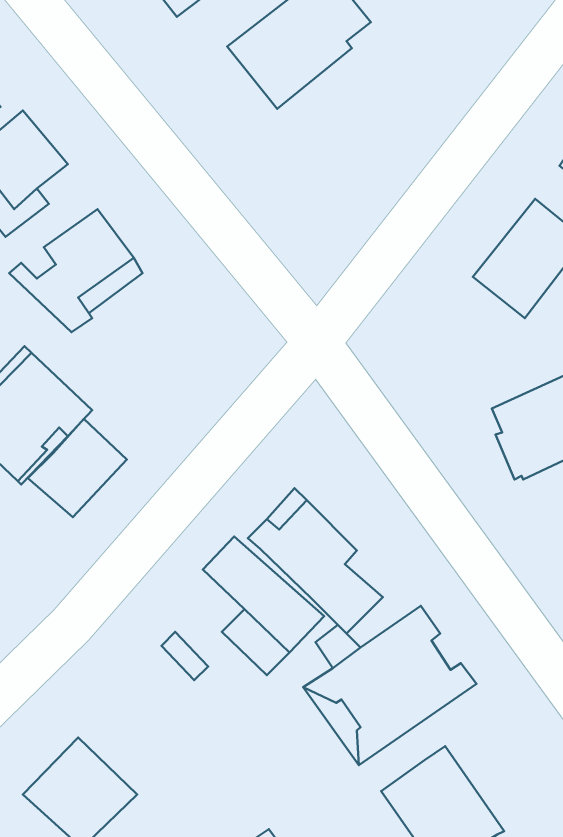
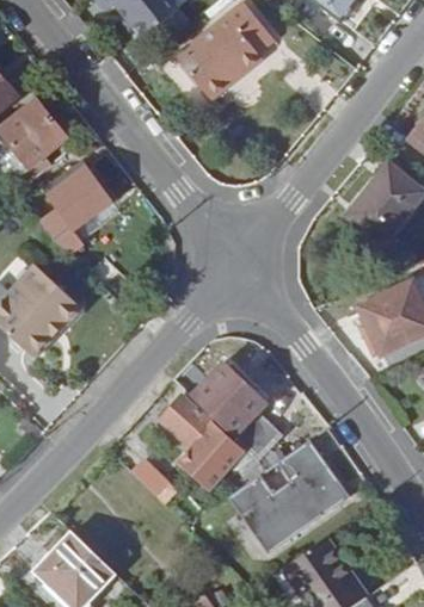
building: [28,419,127,517] -> none

